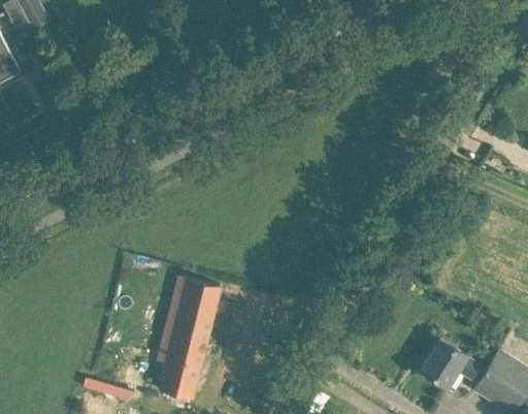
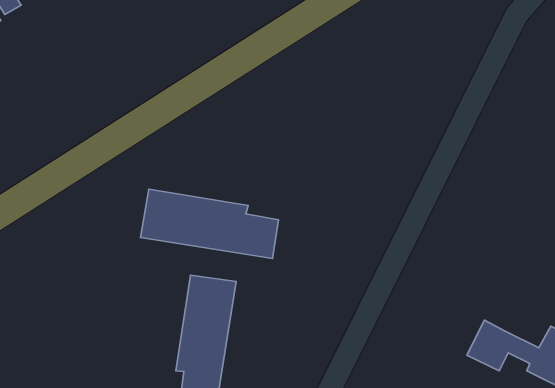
building: none -> [141,189,278,259]

